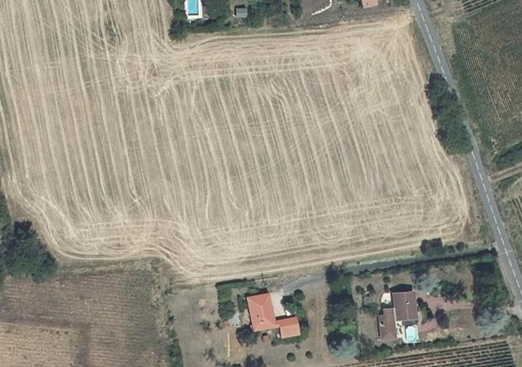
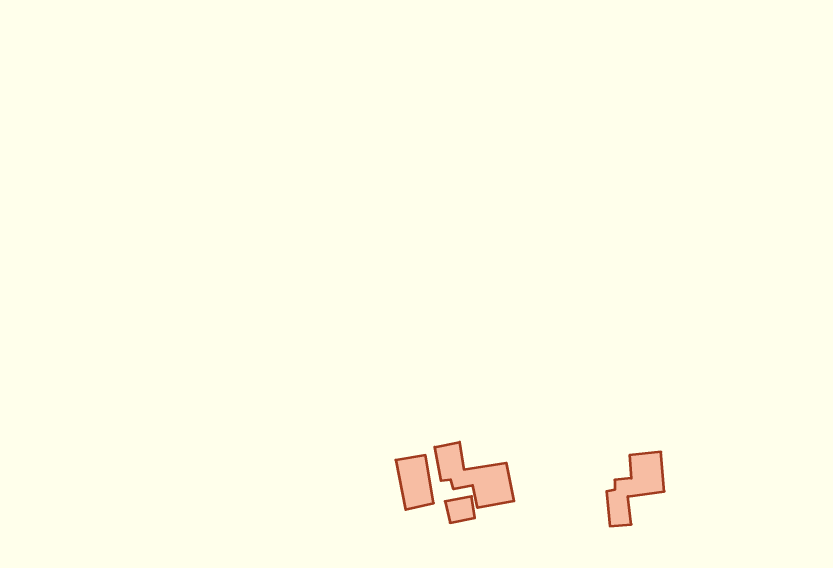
building: none -> [435,442,514,508]

